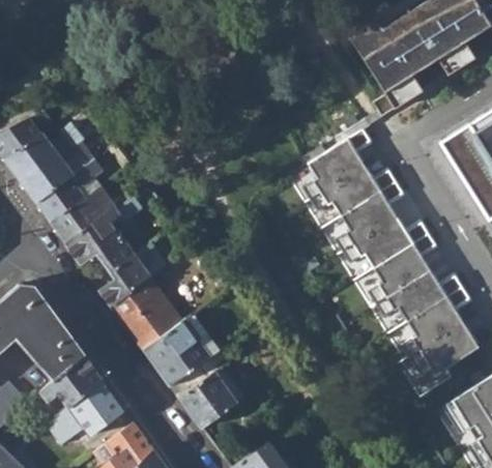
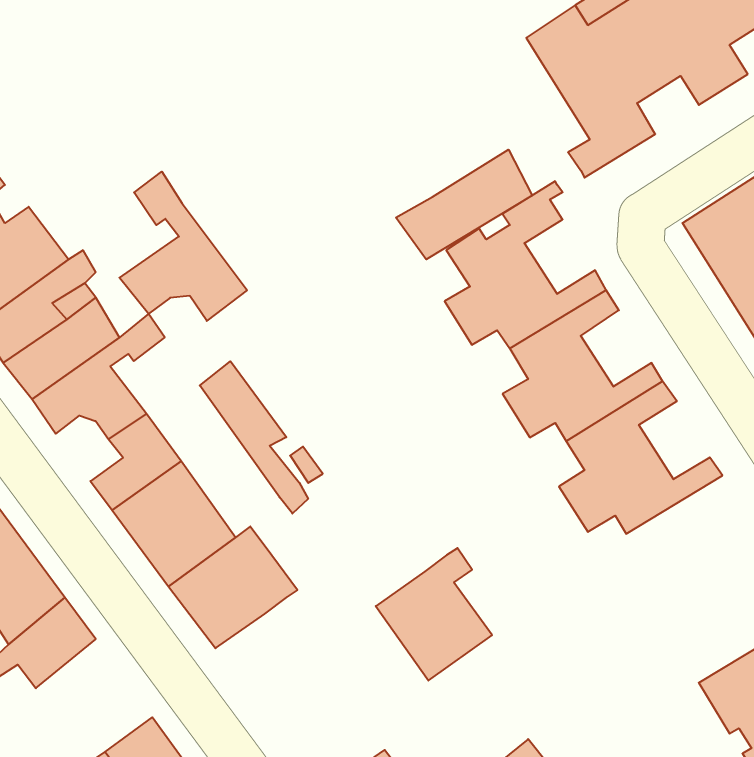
building: none -> [396,150,532,259]
building: none -> [119,172,247,321]
building: none -> [200,361,308,514]
building: [401,287,468,378] -> none
building: [171,352,237,428] -> [376,548,492,681]
building: [68,380,125,441] -> none

